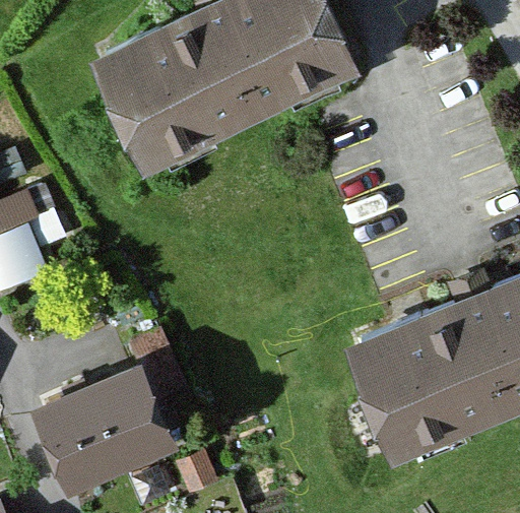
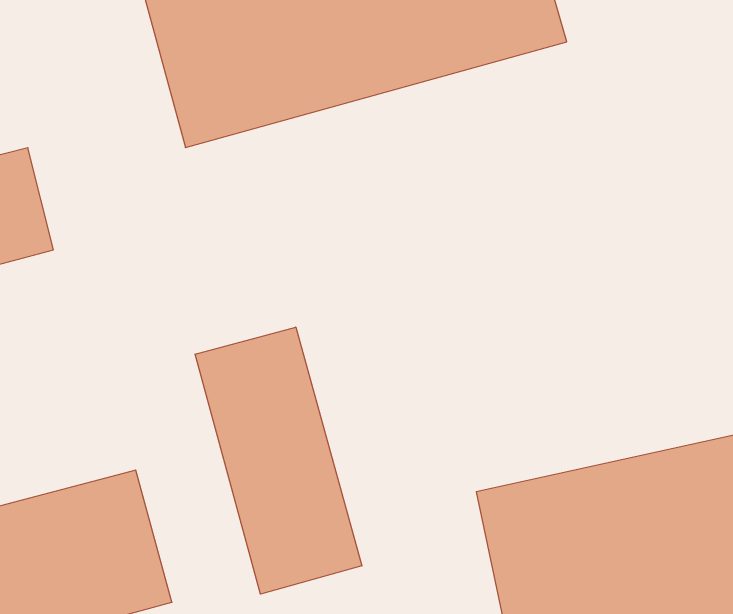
building: none -> [195,327,362,594]

